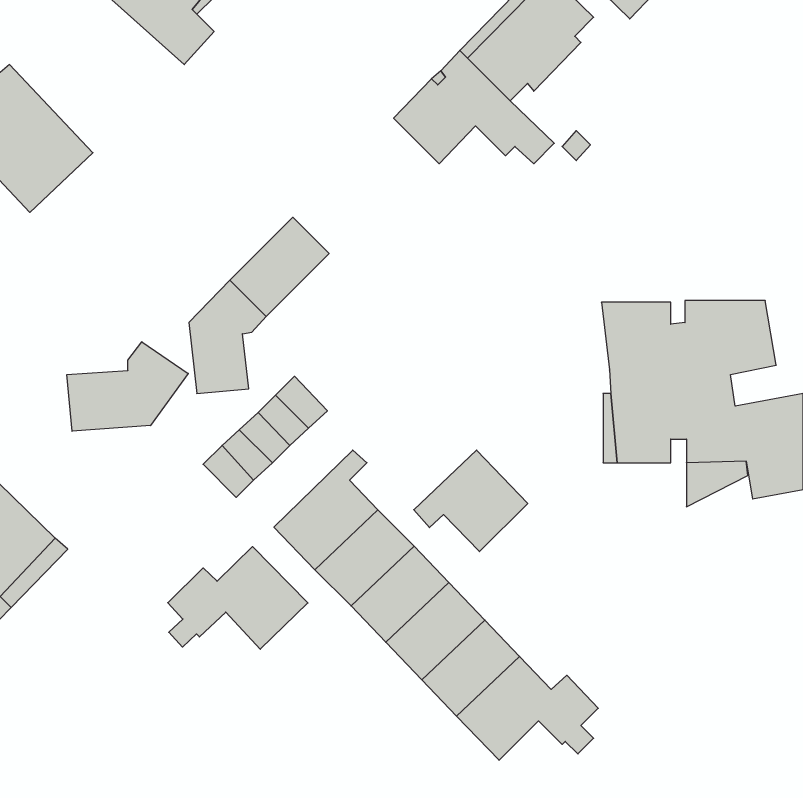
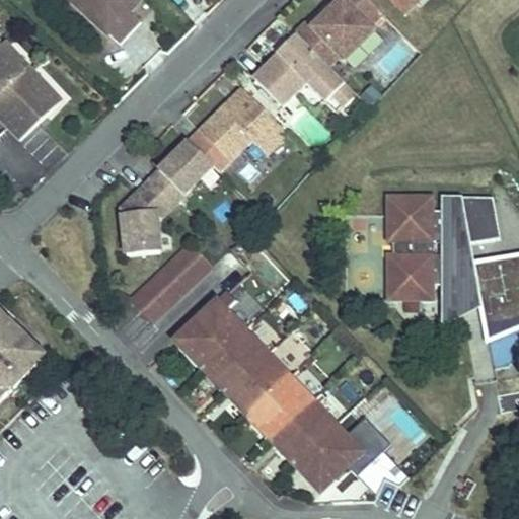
building: none -> [189,86,288,170]
building: [67,342,188,431] -> none
building: [414,450,528,552] -> none
building: [168,547,308,649] -> none

